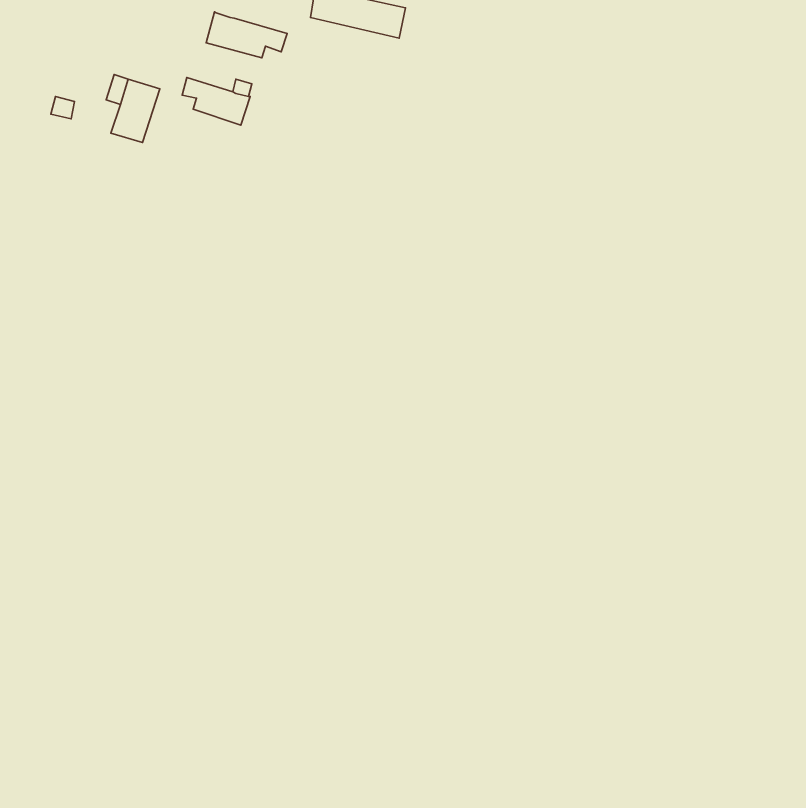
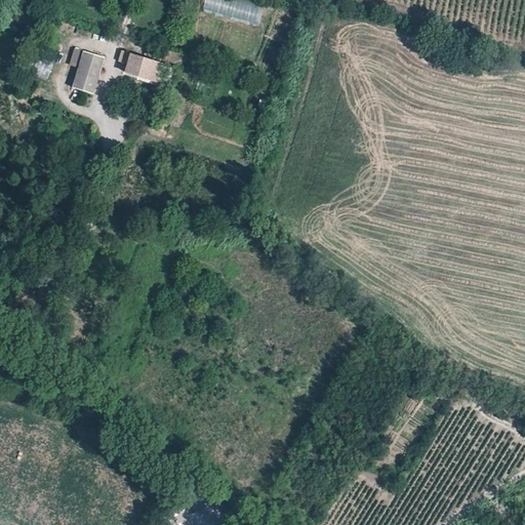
building: [206,12,287,58] -> none

